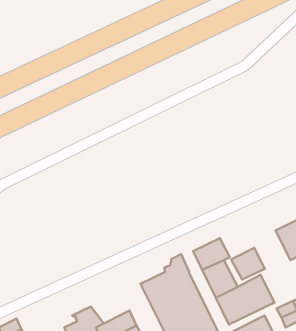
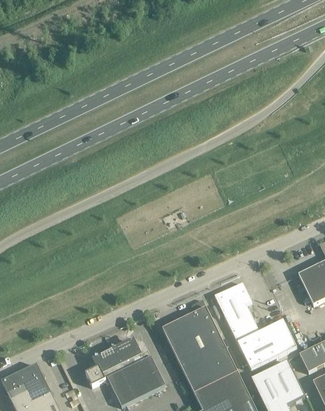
building: [231,248,265,280] -> none
building: none -> [111,339,144,367]

